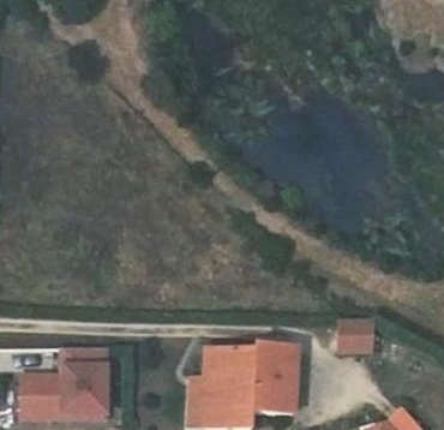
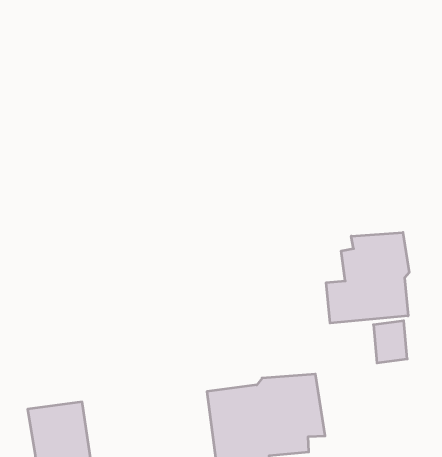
building: none -> [326,232,409,323]

